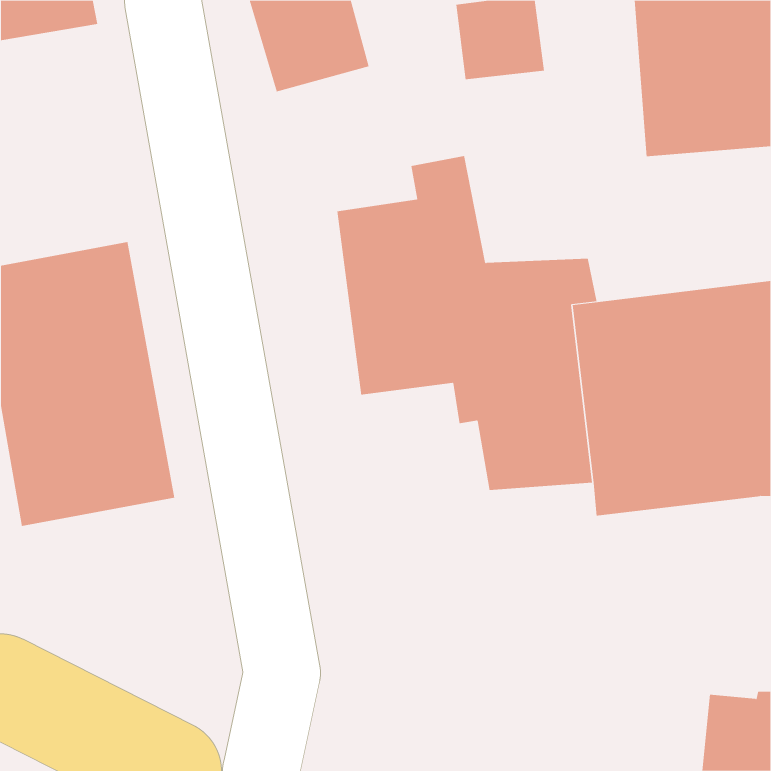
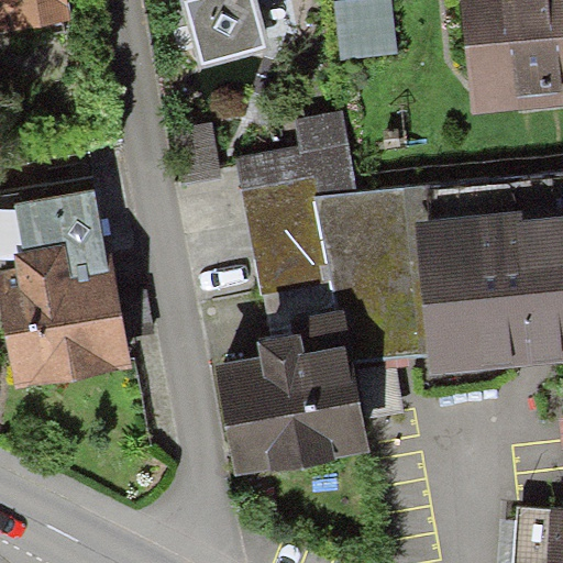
building: none -> [216,307,373,476]

